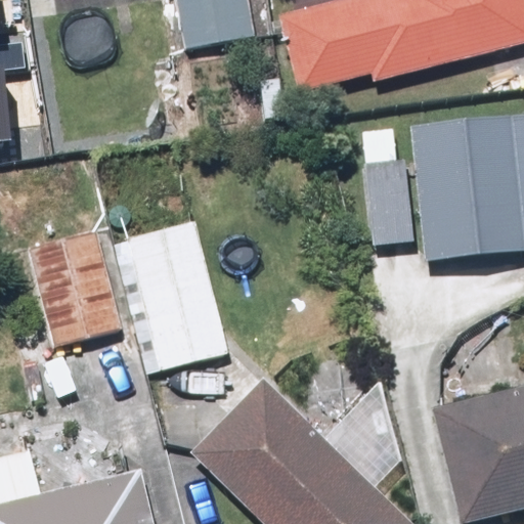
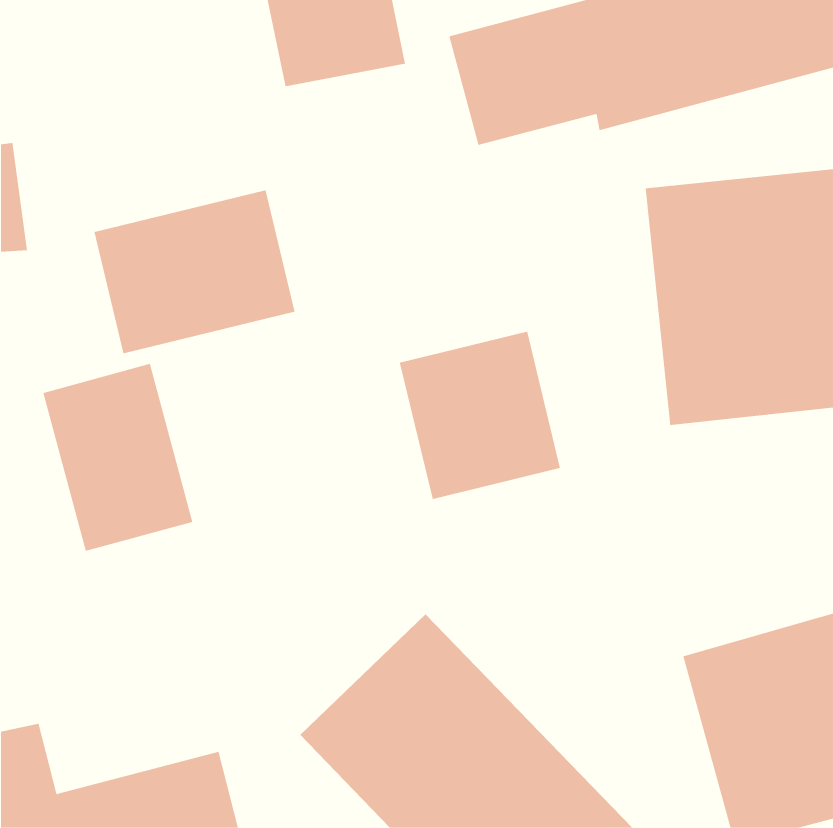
building: none -> [94,190,295,354]
building: none -> [399,331,561,500]
building: [113,218,230,373] -> none

